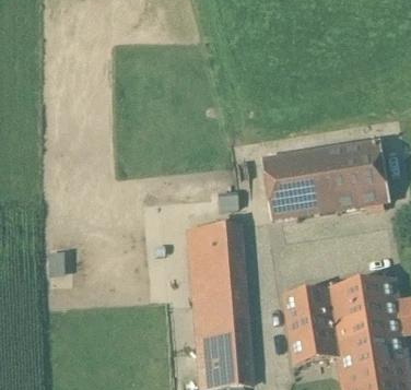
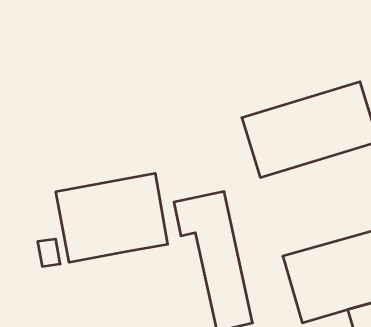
building: none -> [56,173,168,262]

